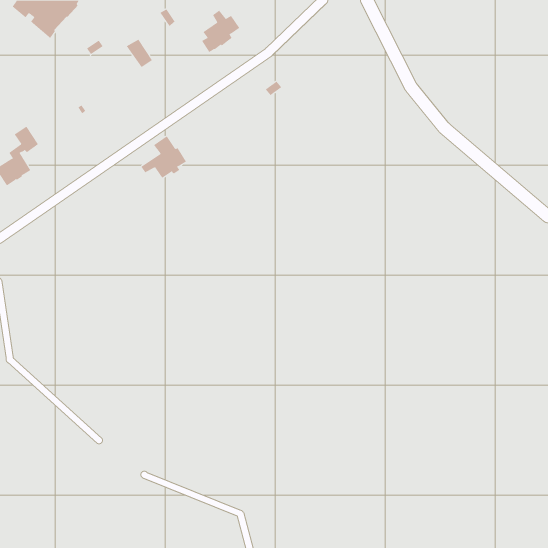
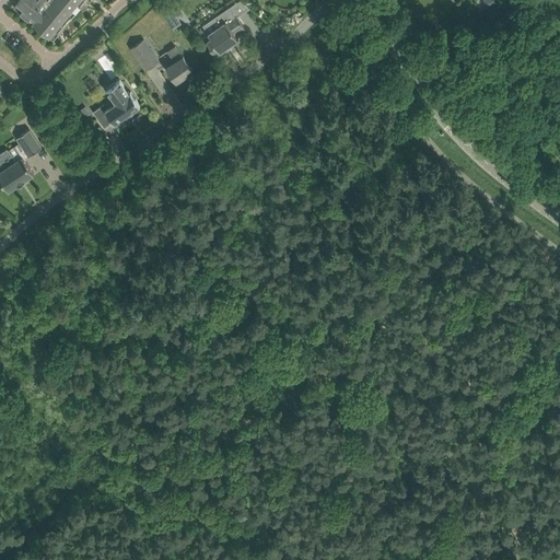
building: none -> [165,47,190,82]
building: [140,136,187,179] -> [91,81,138,125]

